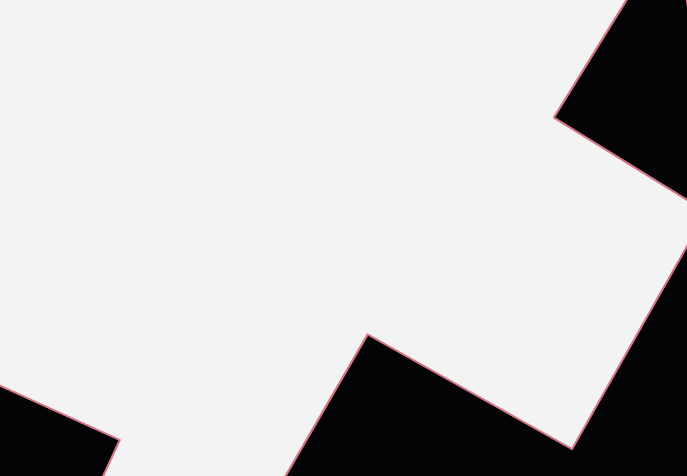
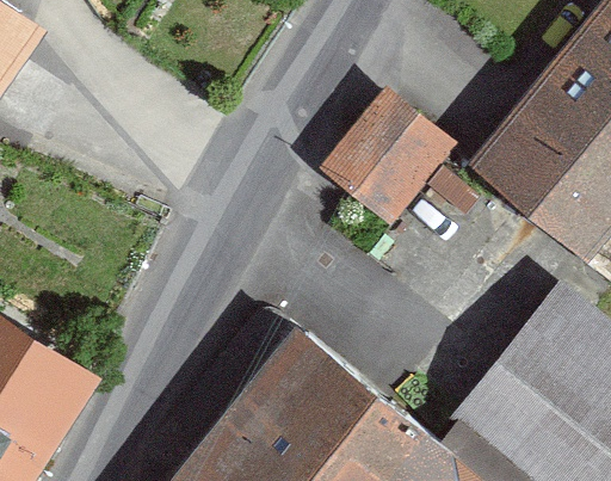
building: none -> [319,91,455,227]

